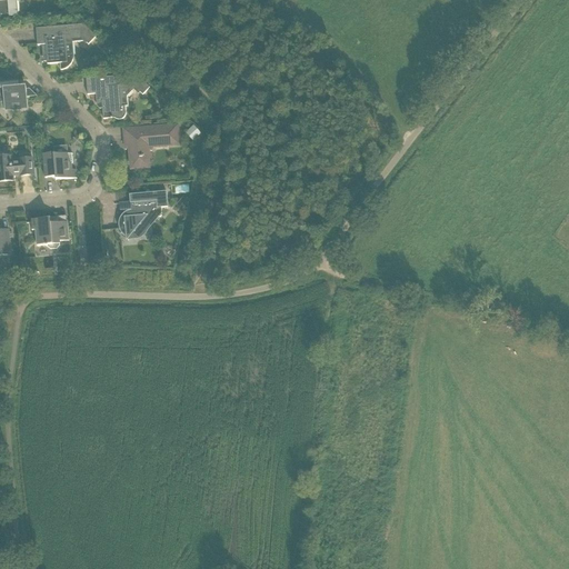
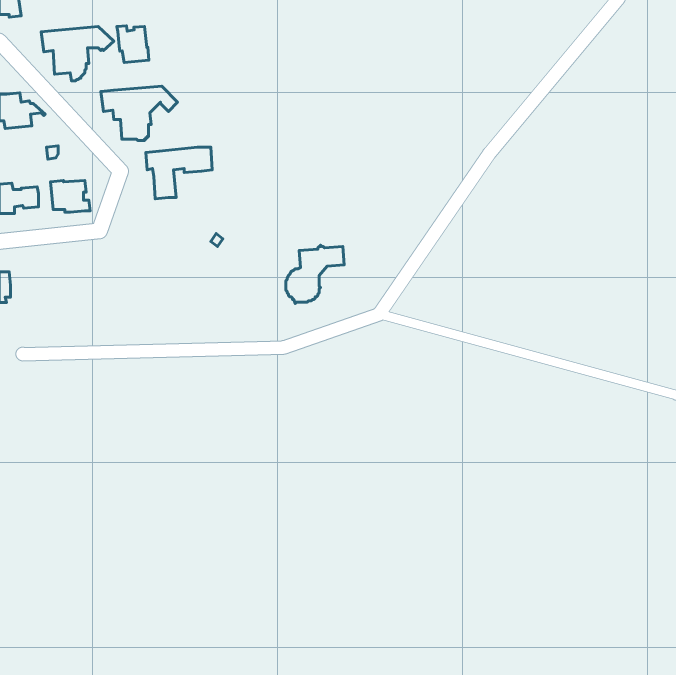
building: none -> [117,26,149,62]
building: [118,189,167,238] -> [286,245,344,303]
building: [30,217,68,248] -> none

